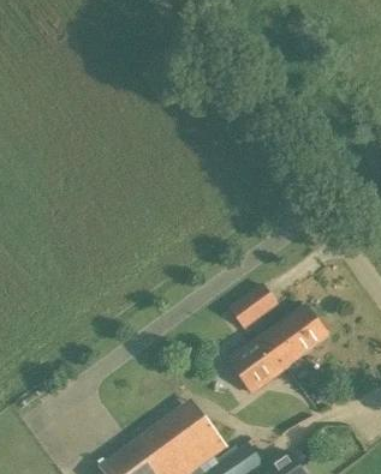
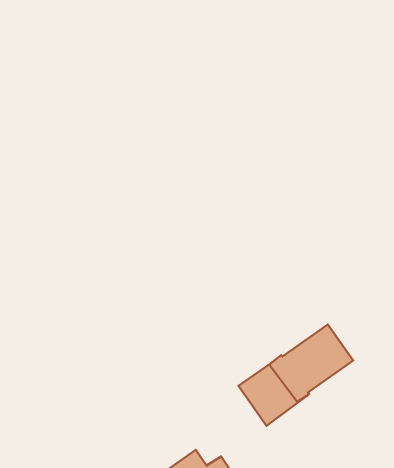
building: [227,281,278,328] -> none

